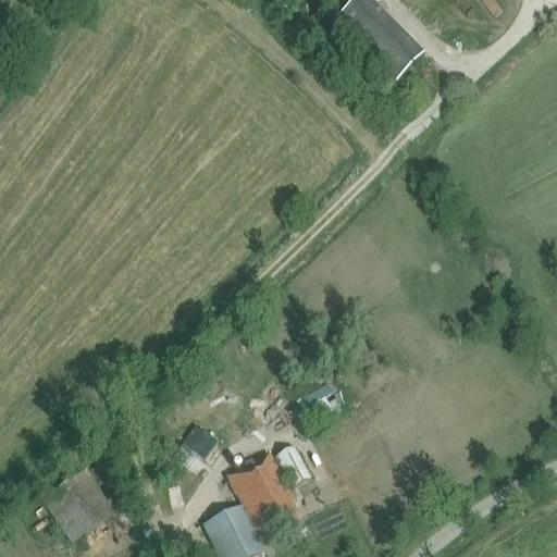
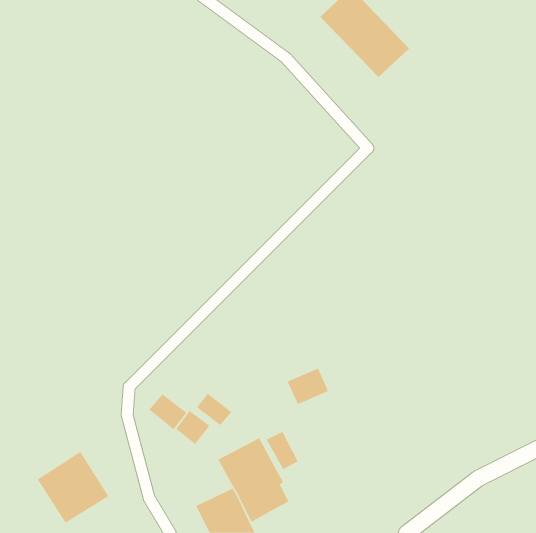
building: none -> [196,393,232,426]
building: none -> [148,394,187,430]

